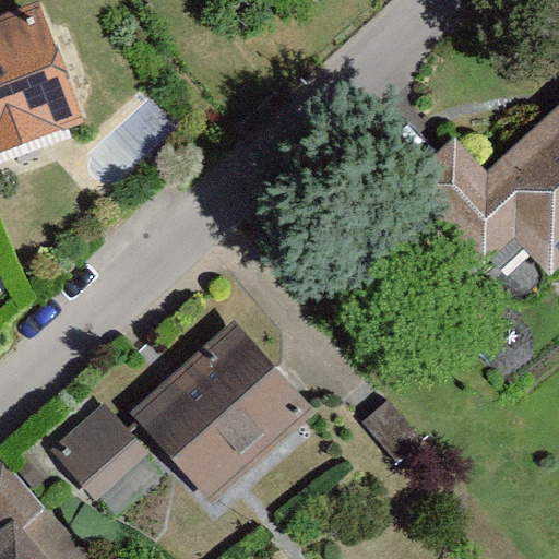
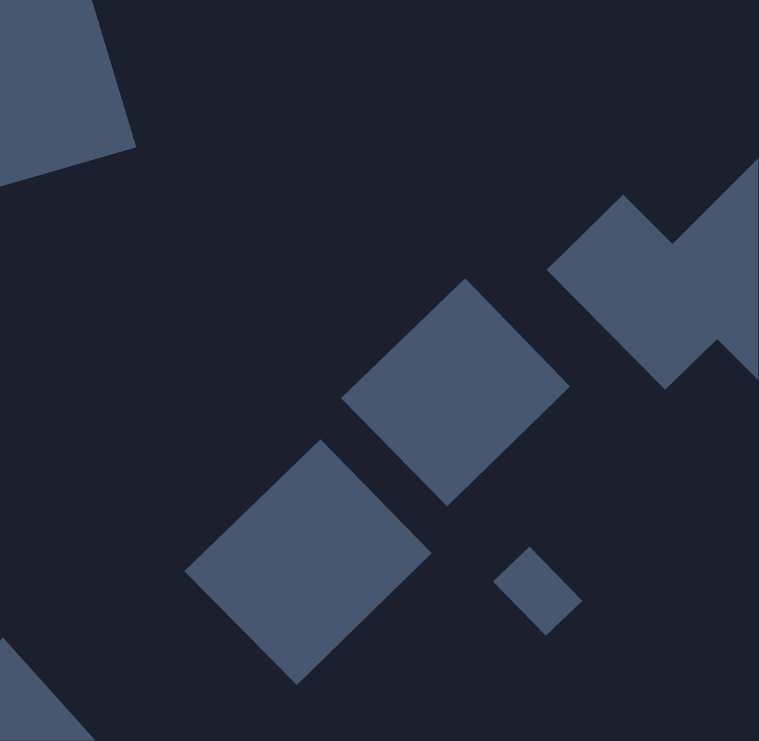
building: none -> [340,278,571,507]
building: [45,404,153,511] -> none

